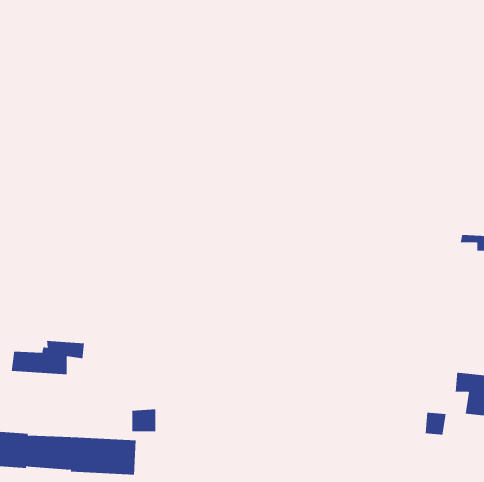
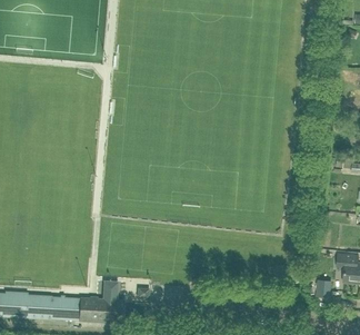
building: [11,340,85,375] -> none

